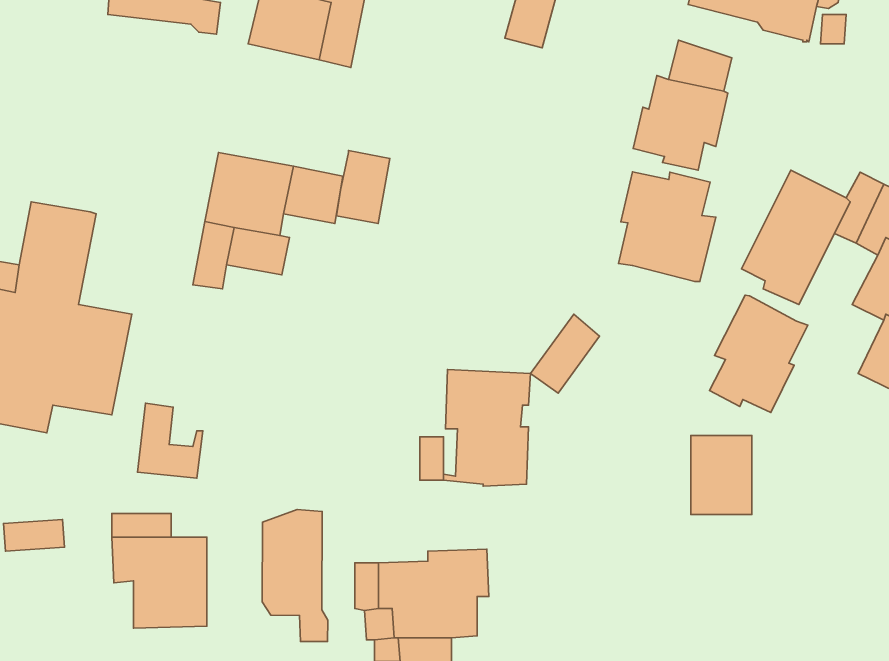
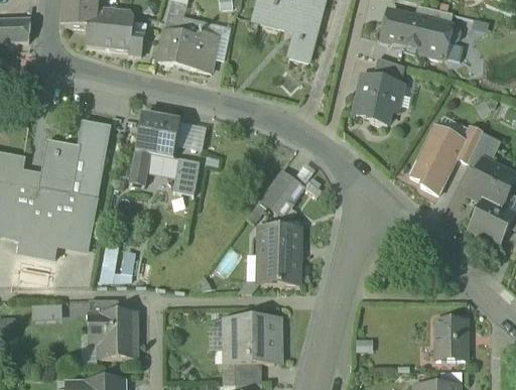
building: [337,151,390,224] -> [172,157,200,194]
building: none -> [71,121,111,198]
building: [618,172,716,281] -> none
building: [709,295,808,413] -> none
building: [530,314,599,393] -> [260,169,295,210]
building: [691,435,752,514] -> [435,318,467,359]
building: [262,510,328,641] -> none

